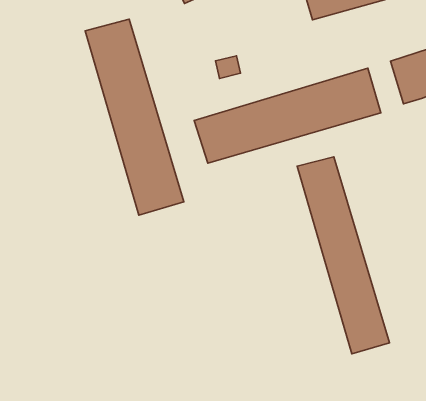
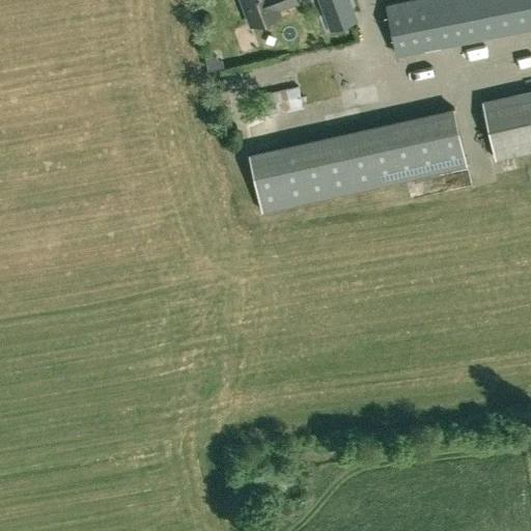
building: [85,19,184,215] -> none
building: [297,157,389,354] -> none

